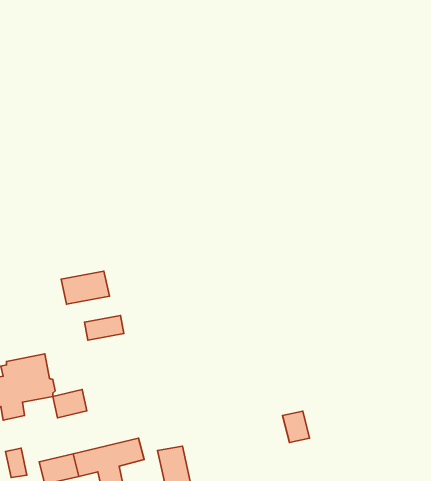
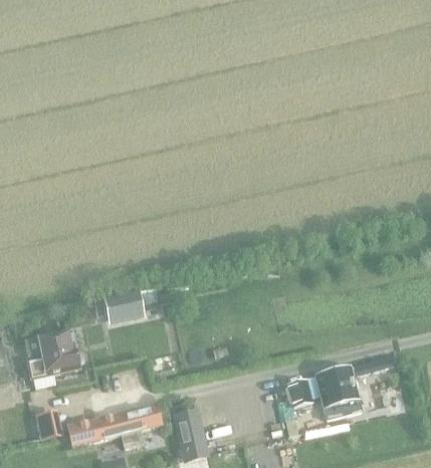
building: [61,271,109,304] -> none
building: [53,389,87,418] -> none
building: none -> [314,366,360,419]

